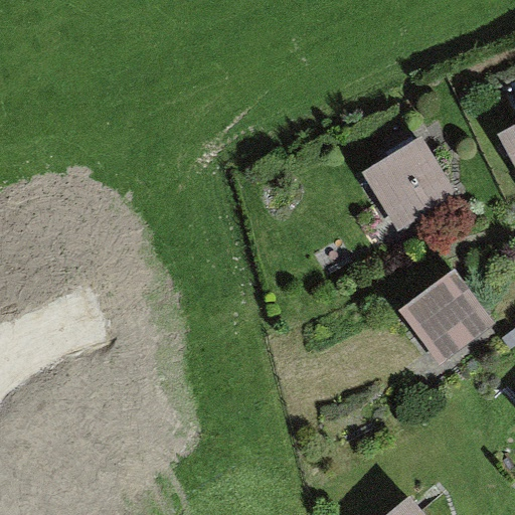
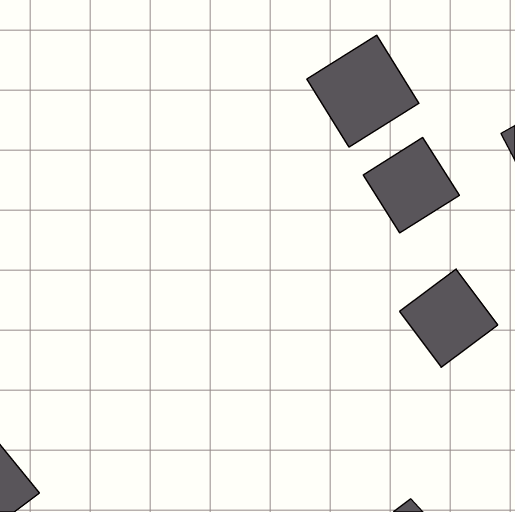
building: none -> [307,35,419,147]

